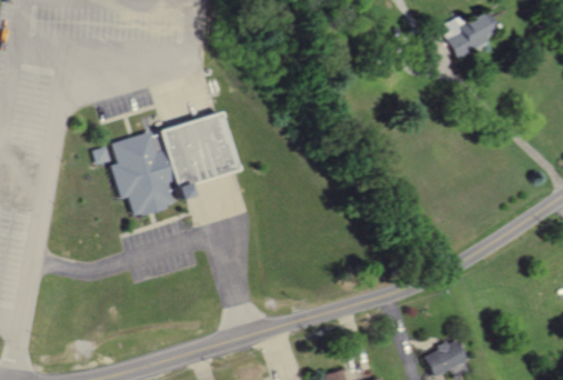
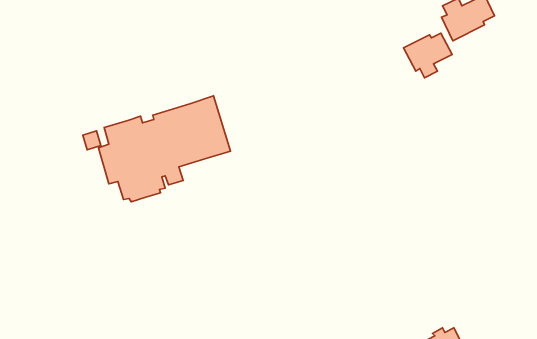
building: none -> [404,33,452,78]

